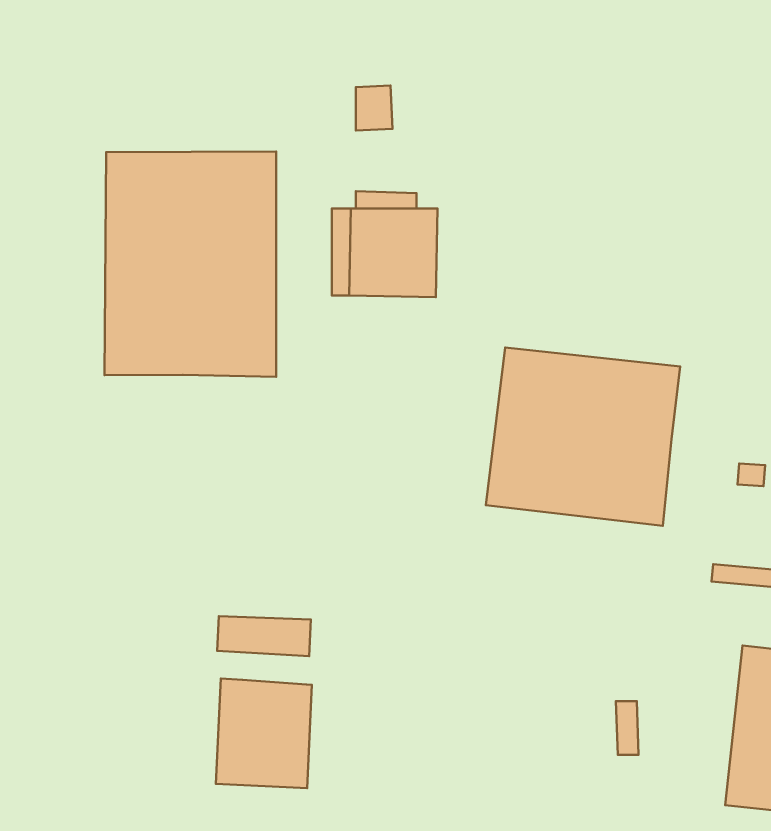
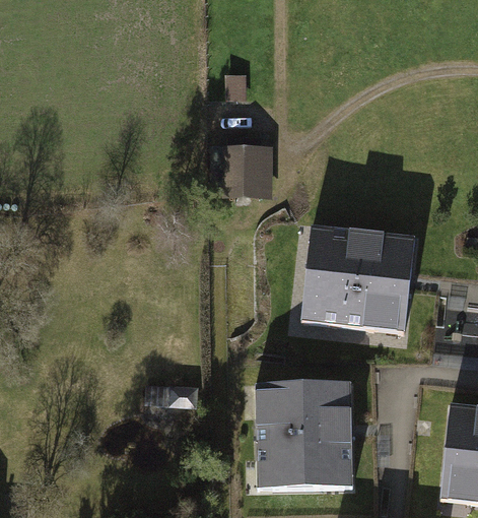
building: [105,152,276,377] -> none
building: none -> [255,381,351,487]
building: [216,678,312,788] -> none

